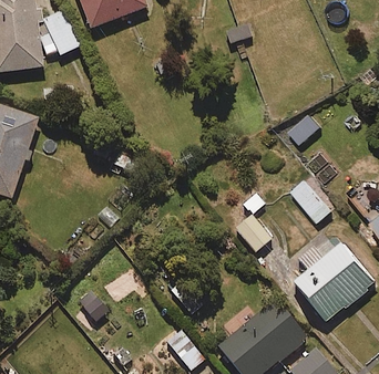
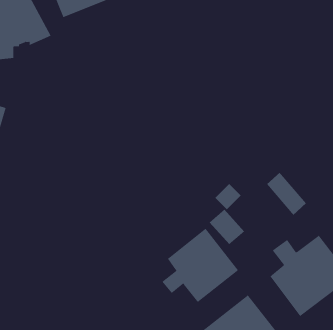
building: none -> [161,228,239,303]

